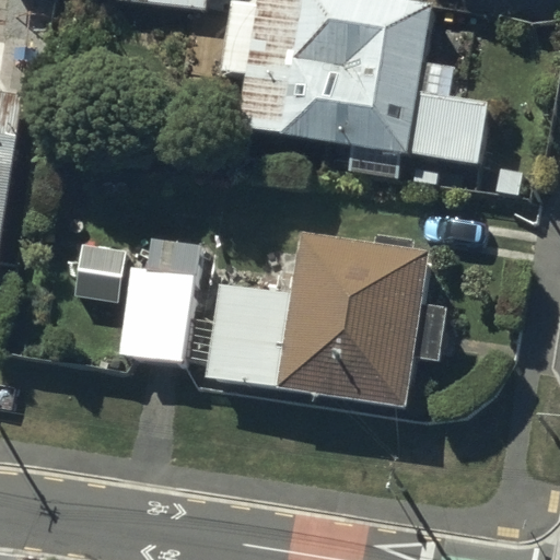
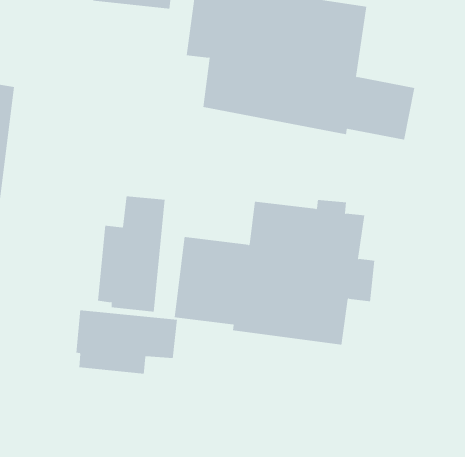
building: none -> [76,309,177,374]

